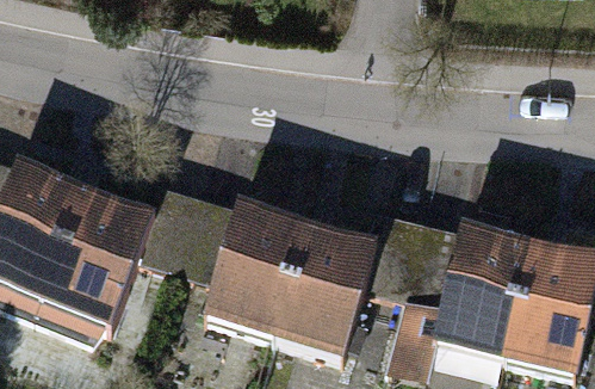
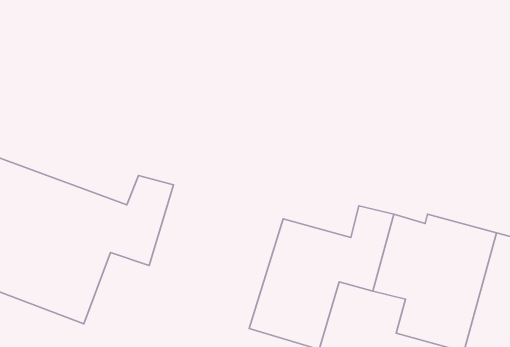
building: [171,191,308,338] -> none

